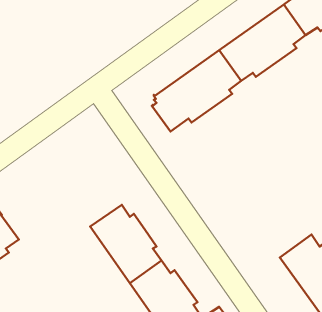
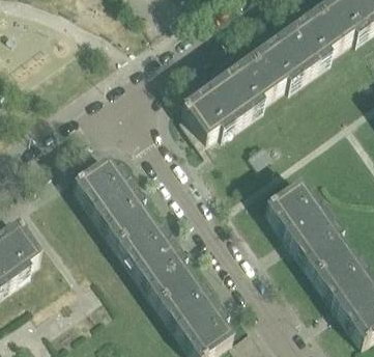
building: none -> [70,158,146,241]
building: none -> [262,182,344,273]

